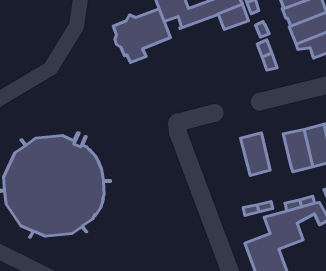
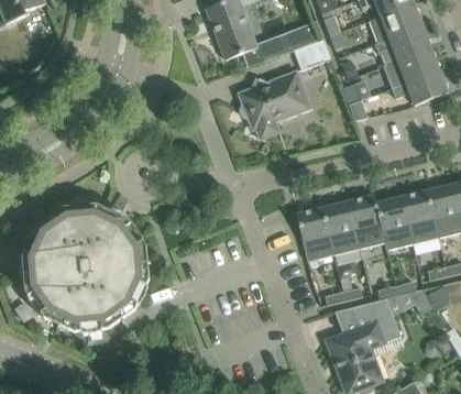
building: [113,9,170,63] -> [238,70,310,139]
building: none -> [348,194,385,248]
building: none -> [296,207,333,261]

